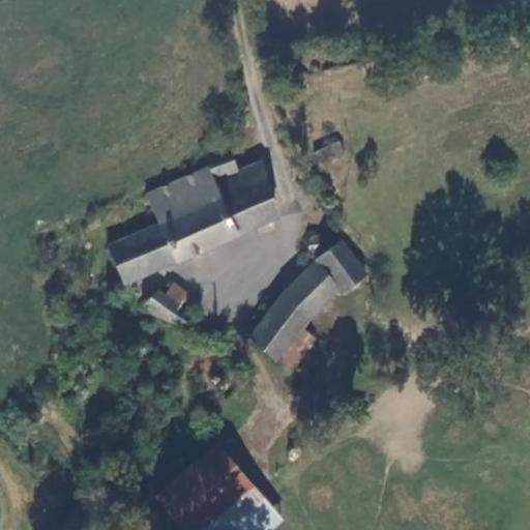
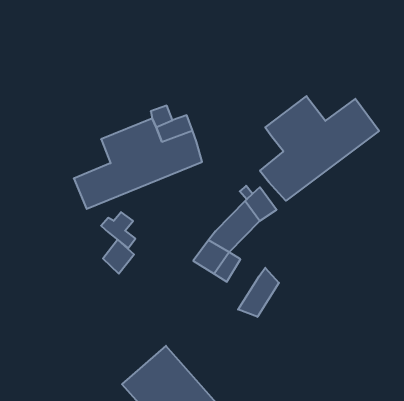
building: none -> [260,96,379,201]
building: none -> [103,240,134,274]
building: none -> [238,268,279,317]

